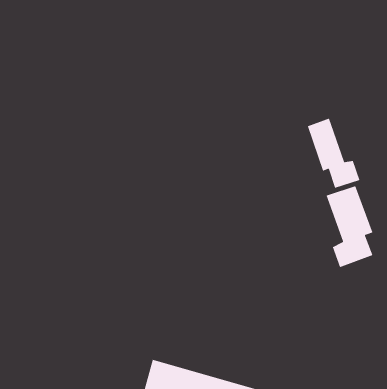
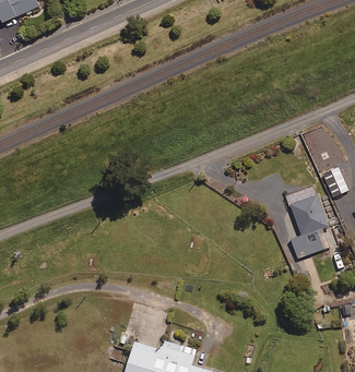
building: [307,117,361,189] -> none

